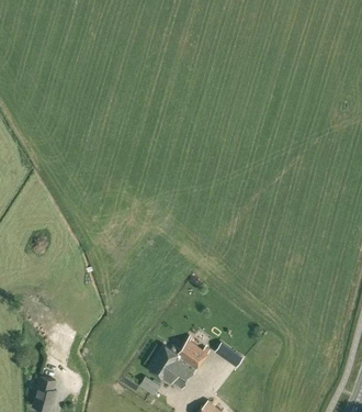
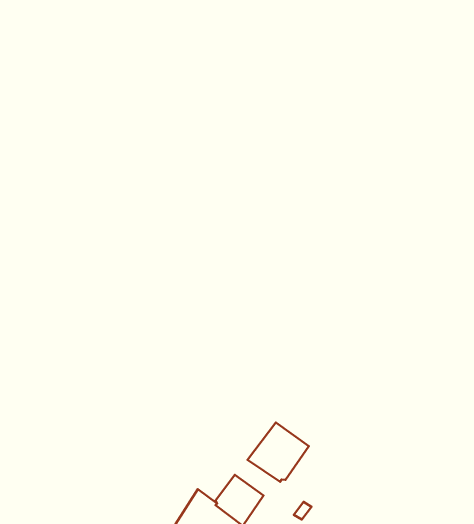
building: none -> [247,422,309,482]

